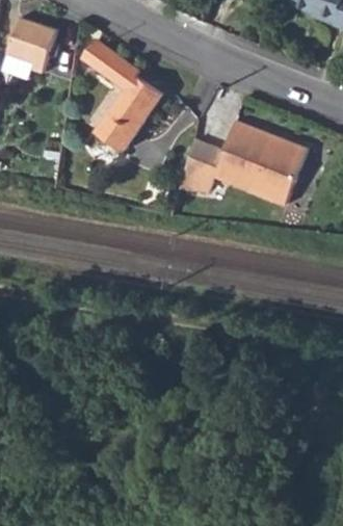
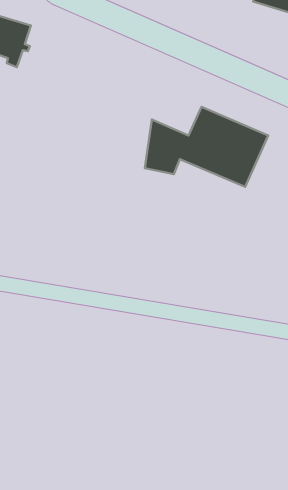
building: [81,41,161,151] -> none

